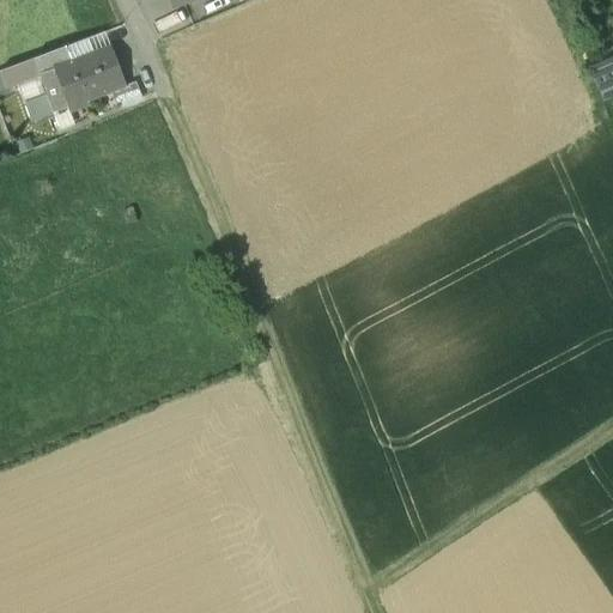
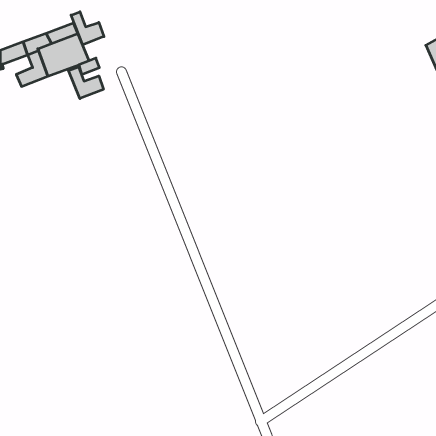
building: none -> [71,12,104,45]
building: none -> [69,67,103,99]

